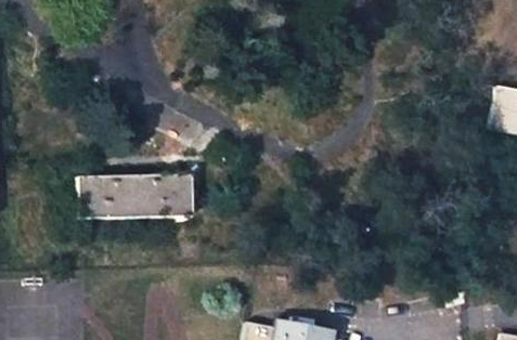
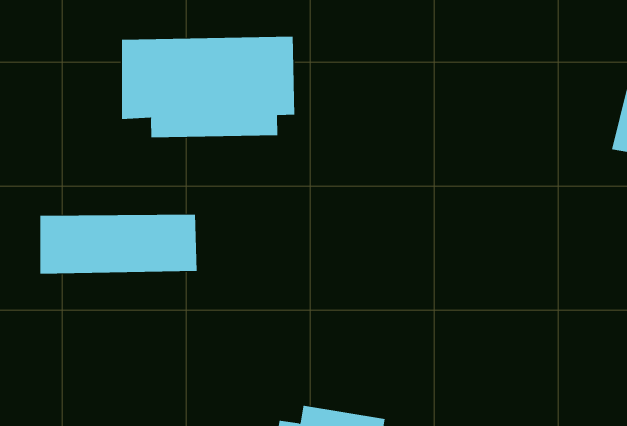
building: none -> [121,36,295,138]

